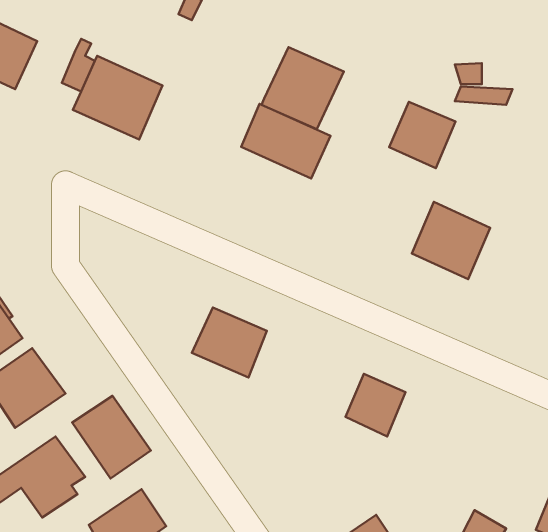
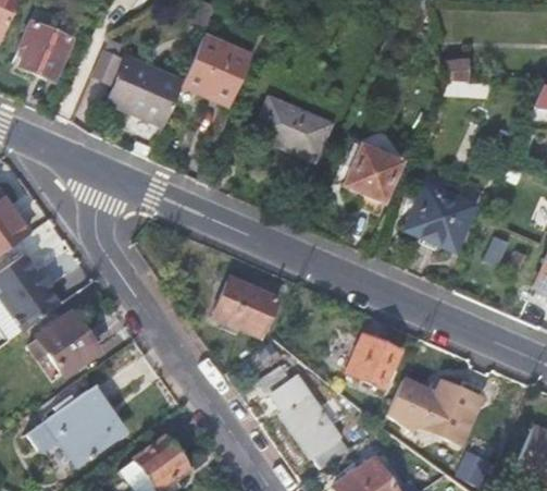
building: [262,47,344,129] -> [183,33,256,106]
building: [389,102,456,168] -> [343,143,401,201]
building: [72,396,151,479] -> none
building: none -> [259,364,350,469]
building: none -> [384,378,481,443]

